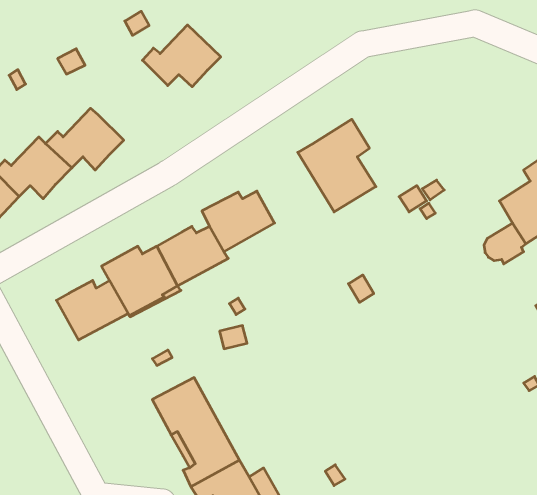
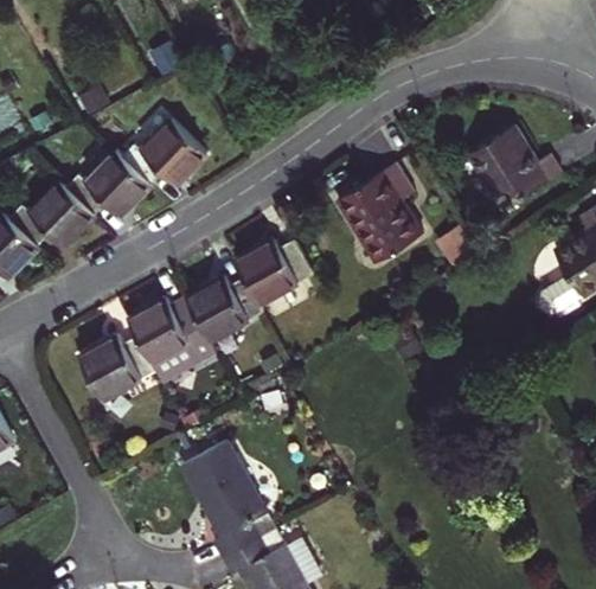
building: [142,25,221,87] -> [123,120,207,186]
building: none -> [469,126,560,209]

